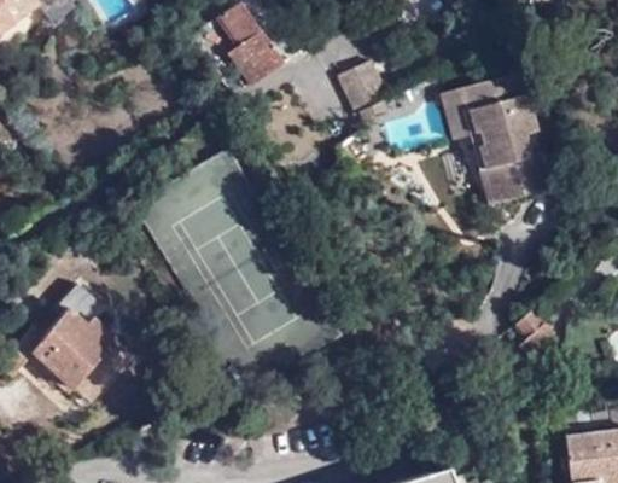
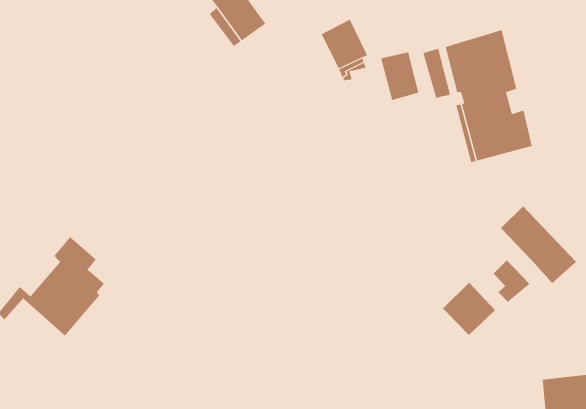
building: none -> [381,52,419,101]
building: none -> [500,206,577,284]
building: none -> [442,282,496,336]

